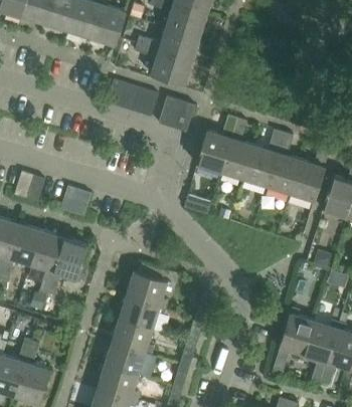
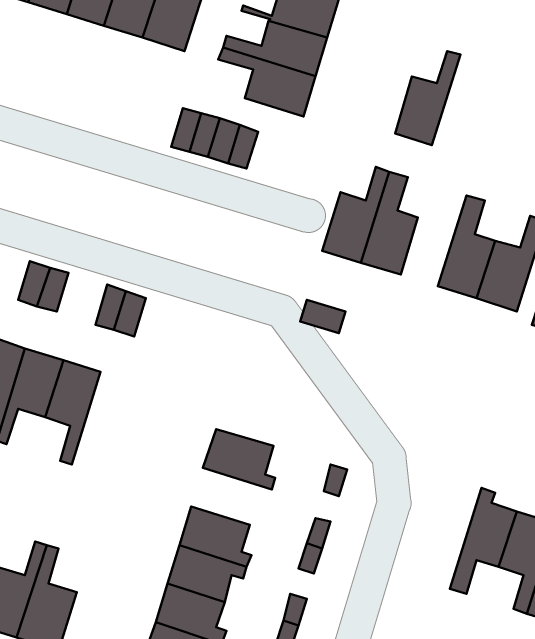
building: [158,96,194,133] -> none
building: [243,131,283,187] -> [395,51,460,145]
building: [46,238,87,295] -> none
building: [118,295,166,330] -> none

